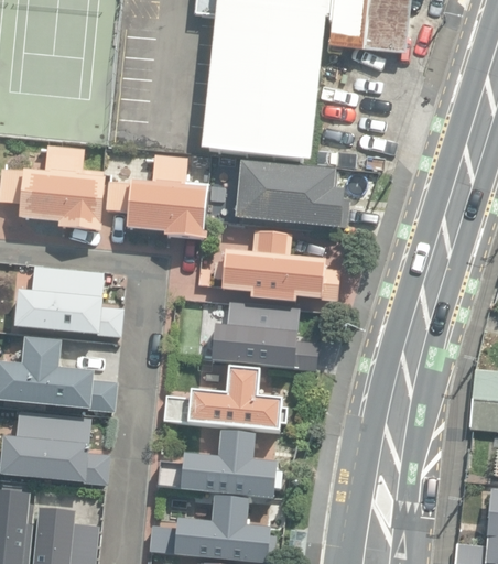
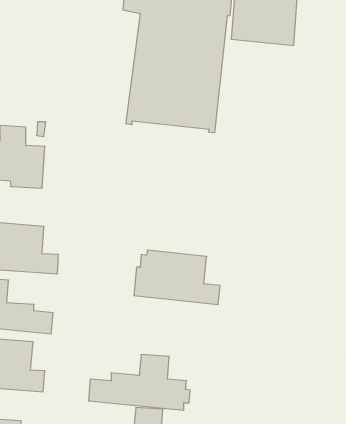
building: [107,162,207,239] -> none
building: [241,166,342,232] -> none
building: [221,232,339,303] -> none
building: [162,367,285,432] -> none

